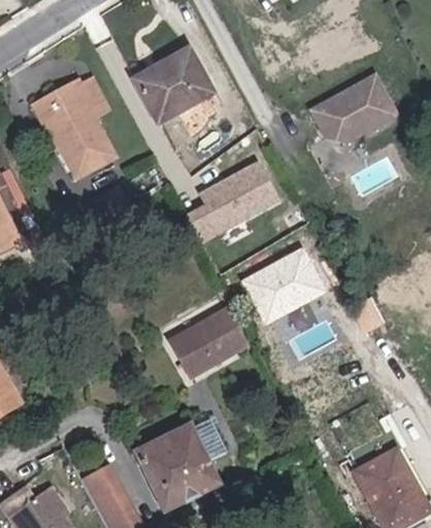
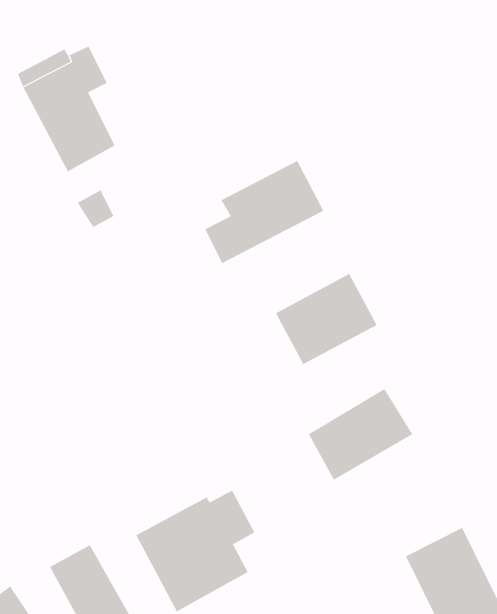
building: [137,47,208,113] -> none
building: [308,70,395,138] -> none
building: [168,309,250,381] -> [308,389,413,481]

